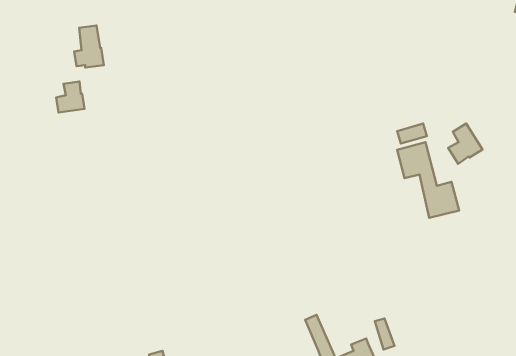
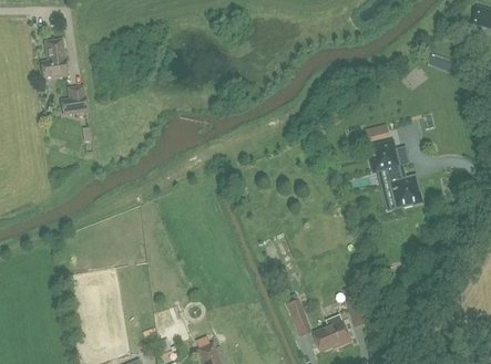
building: [74,25,104,68] -> [41,39,68,76]
building: [448,124,483,164] -> none

